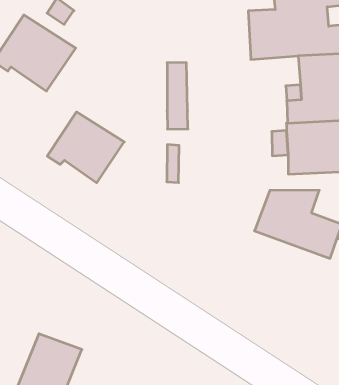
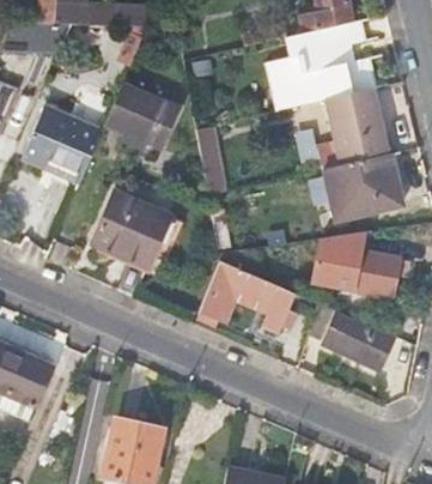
building: none -> [105,85,178,149]
building: none -> [199,264,297,333]
building: none -> [321,310,396,371]

